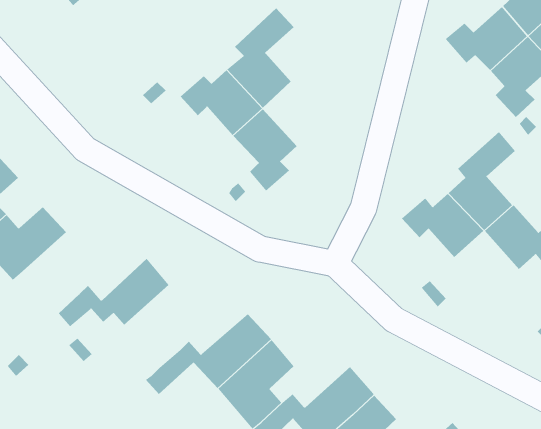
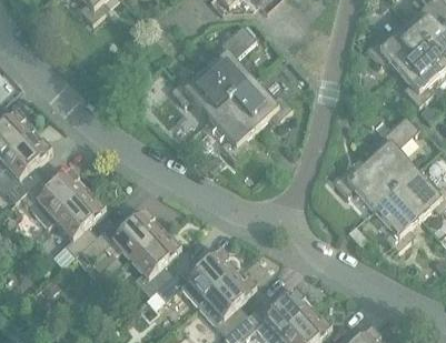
building: none -> [229,78,289,125]
building: none -> [370,188,418,249]
building: none -> [52,189,102,254]
building: none -> [127,228,178,294]

